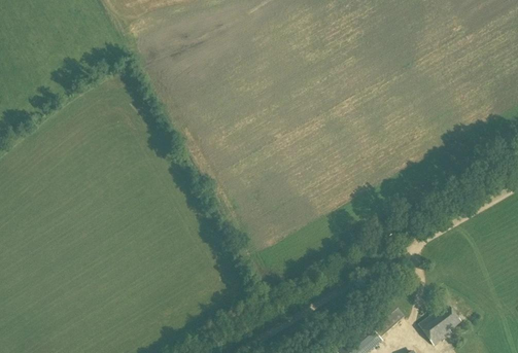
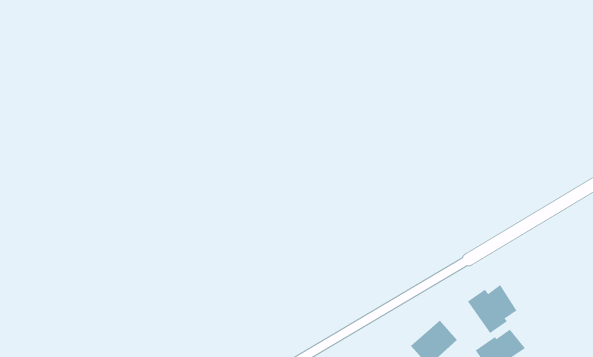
building: none -> [467,284,517,334]

